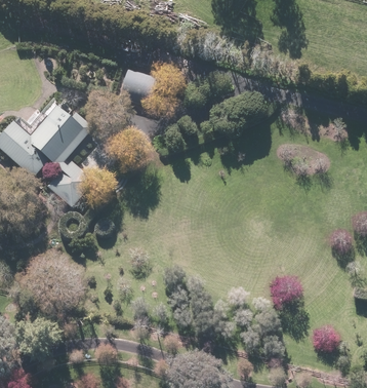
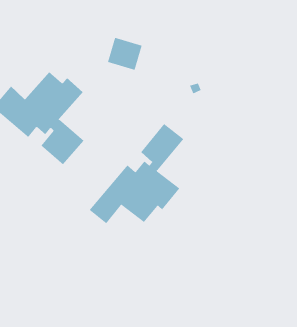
building: none -> [89,123,184,224]

